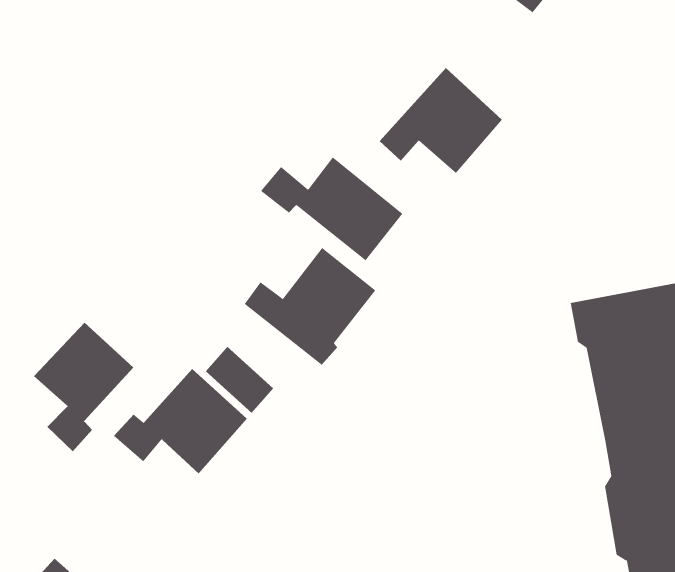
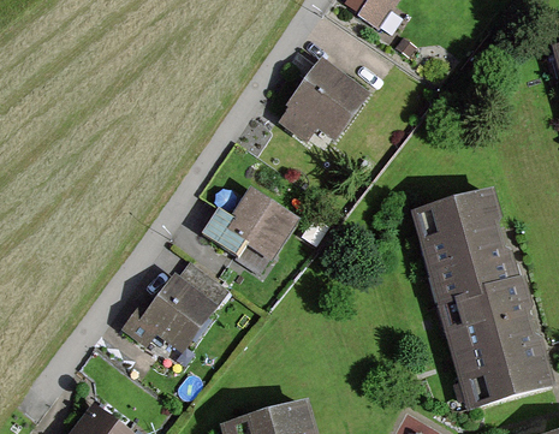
building: [260,157,403,261] -> none
building: [33,322,134,452] -> none

